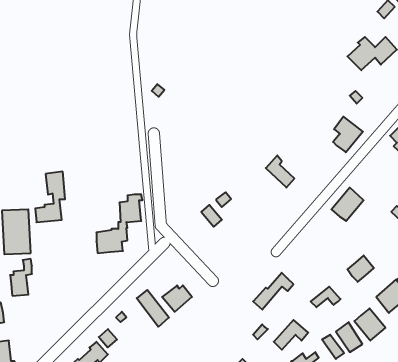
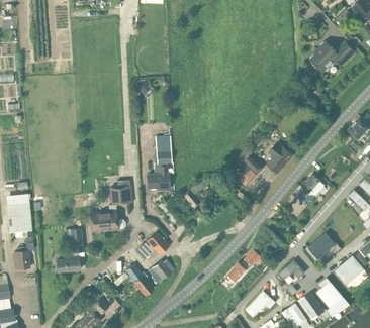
building: [333,117,363,152] -> [267,141,293,173]
building: none -> [147,135,172,189]
building: [35,172,65,222] -> [57,227,83,271]
building: none -> [135,231,169,259]

